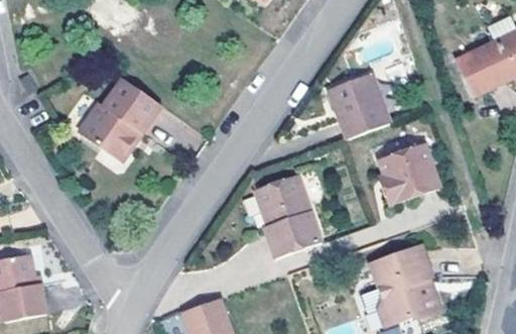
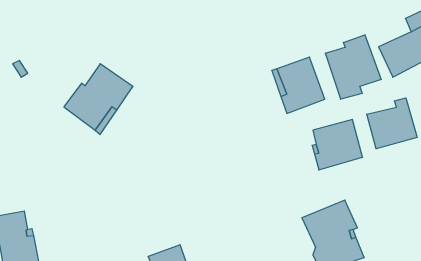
building: none -> [325,35,381,99]
building: none -> [367,98,417,149]
building: [255,175,320,257] -> none

